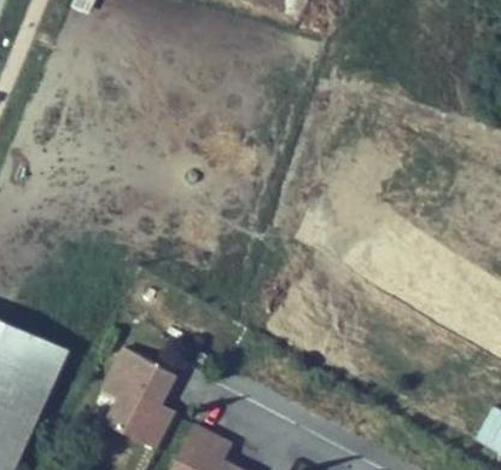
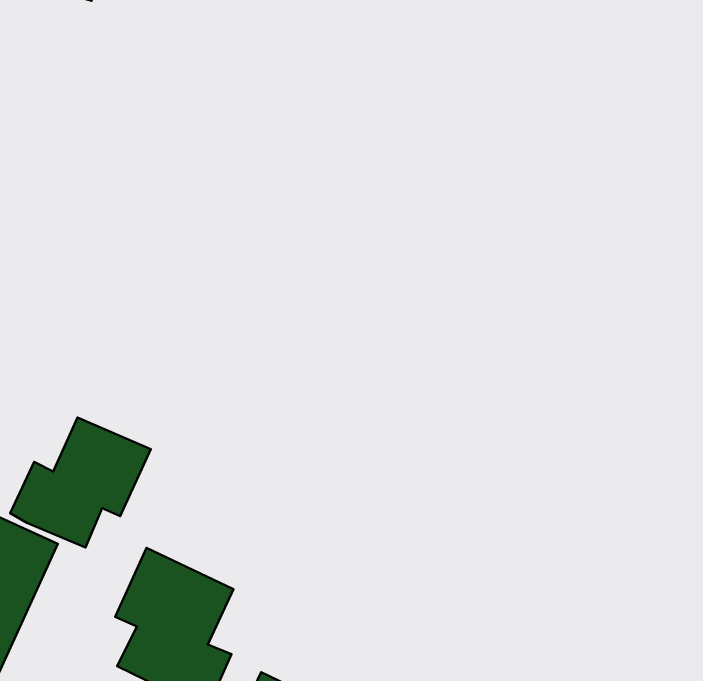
building: none -> [10,417,151,548]

